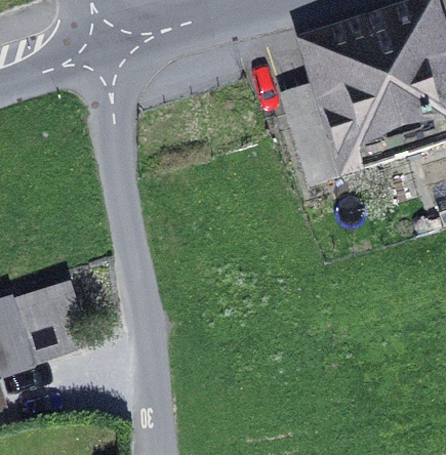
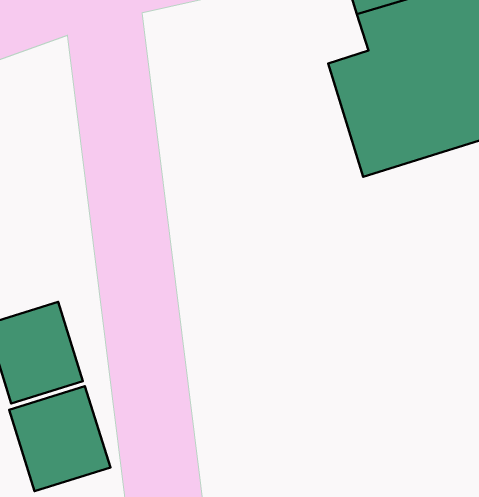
building: none -> [9,386,111,491]

